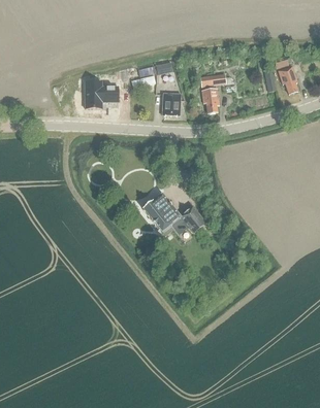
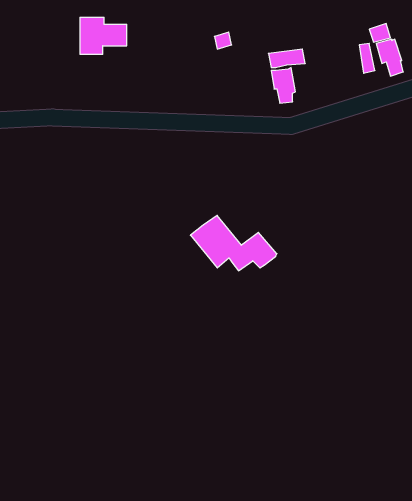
building: [85,81,119,108] -> [80,17,127,54]
building: [162,93,181,115] -> none

